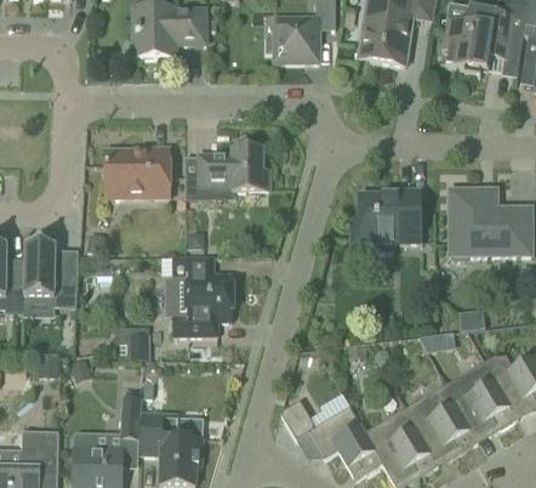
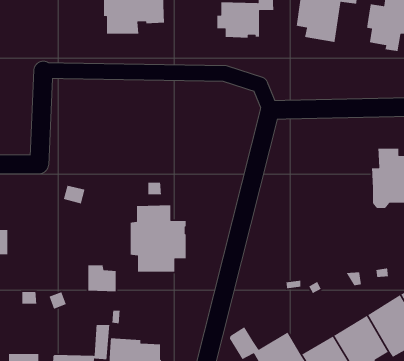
building: [199,147,269,191] -> none
building: [106,148,170,198] -> none
building: [352,189,421,244] -> none
building: [24,242,76,306] -> none

